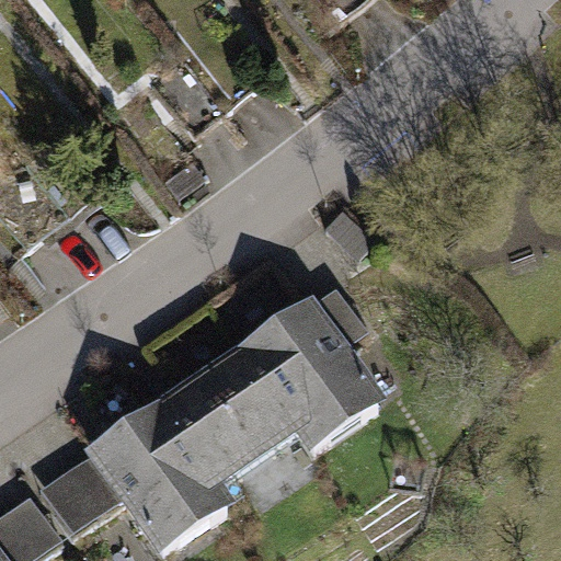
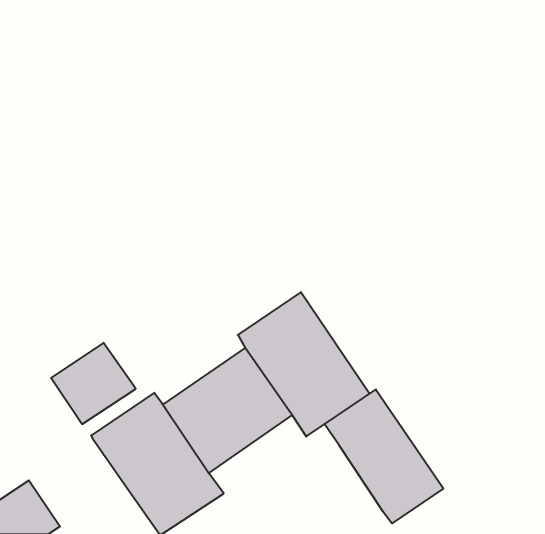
building: none -> [324,389,443,523]
building: [41,448,127,531] -> [51,343,136,424]

